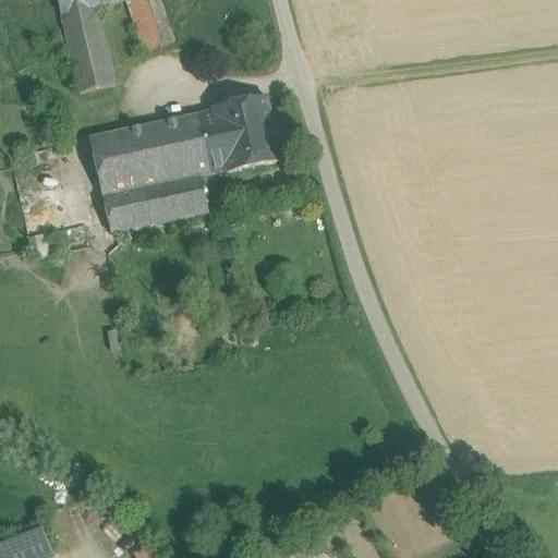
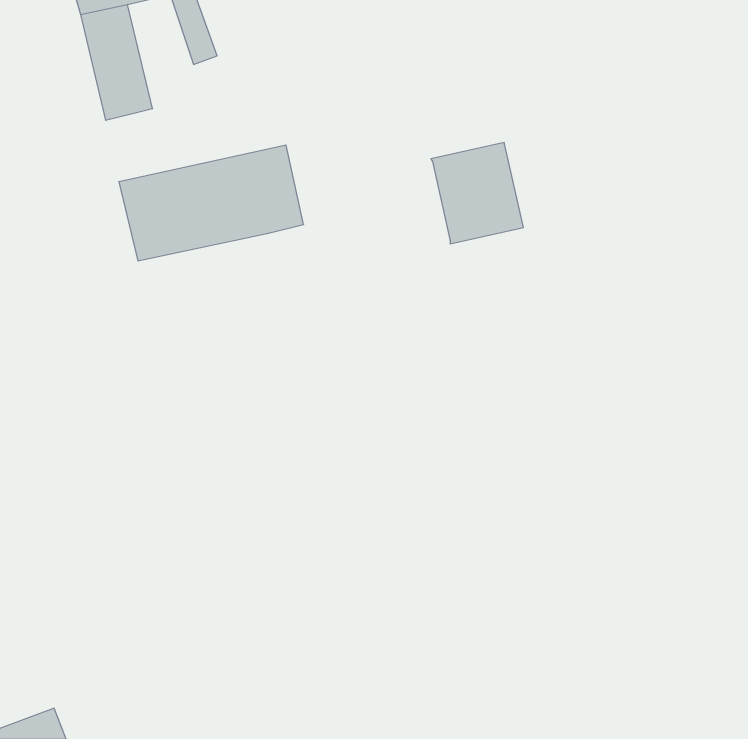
building: [211,94,280,169] -> [431,143,523,244]
building: [102,173,207,230] -> none

